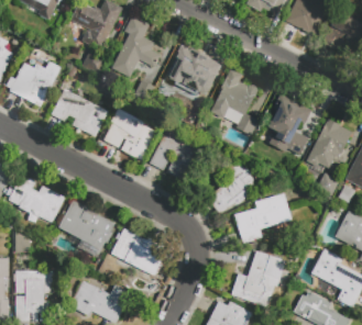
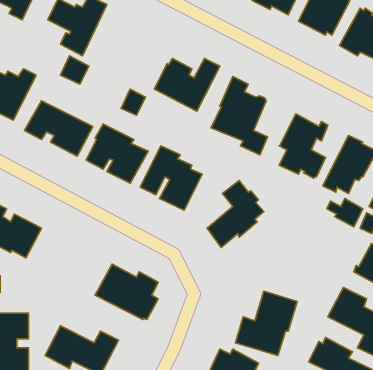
building: [111,15,161,77] -> none
building: [234,193,292,243] -> none
building: [58,200,114,258] -> none

